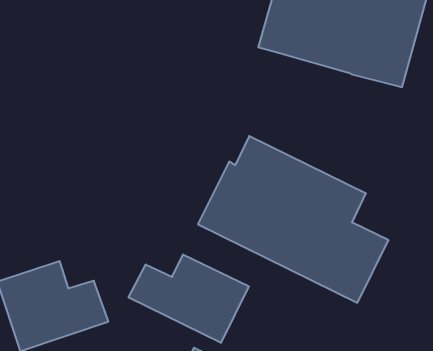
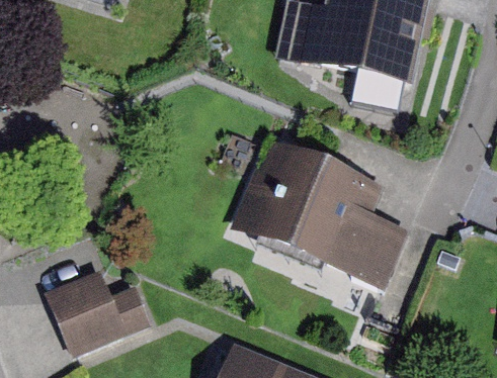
building: [129,254,249,343] -> none

